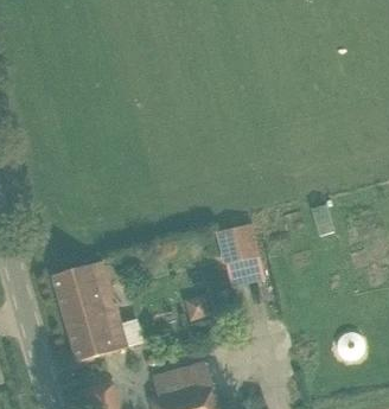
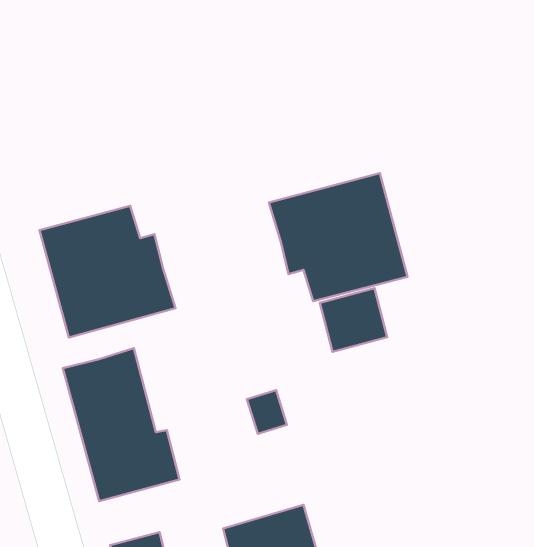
building: none -> [269,173,407,301]
building: none -> [39,206,176,337]

